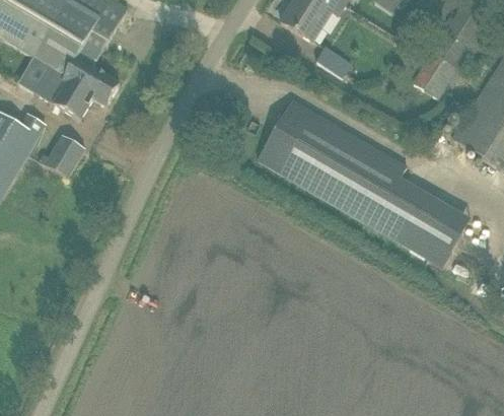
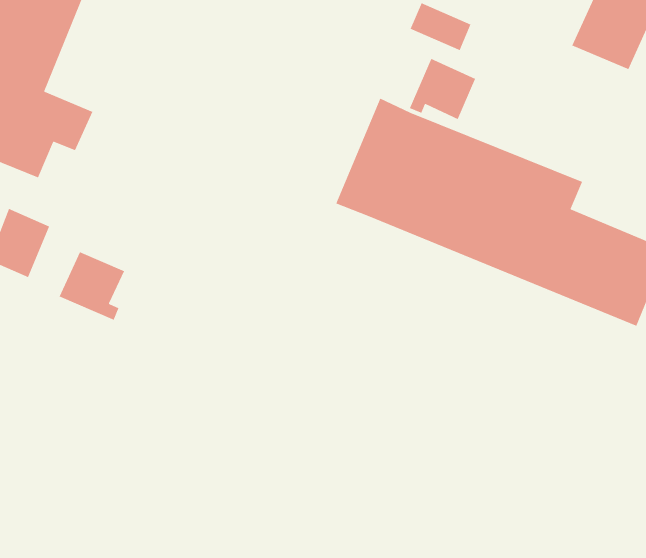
building: none -> [409,58,476,120]
building: none -> [59,251,125,321]

